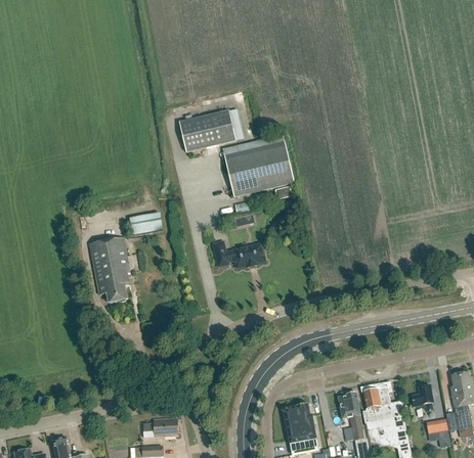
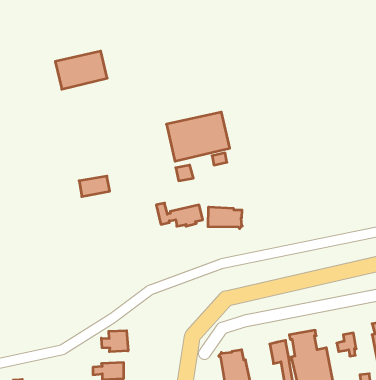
building: [178,109,235,151] -> [55,51,107,89]
building: [89,237,129,302] -> none
building: none -> [208,207,242,229]
building: none -> [101,331,128,352]

